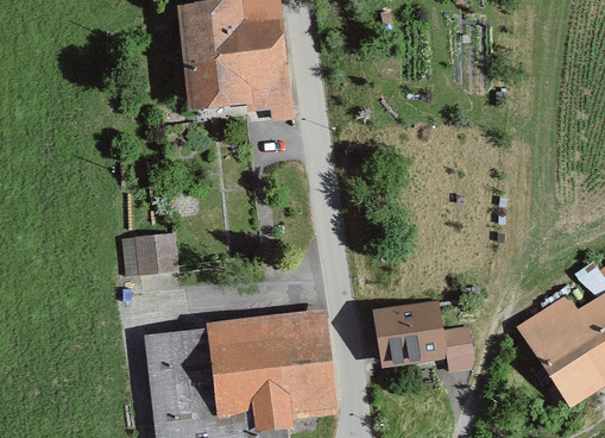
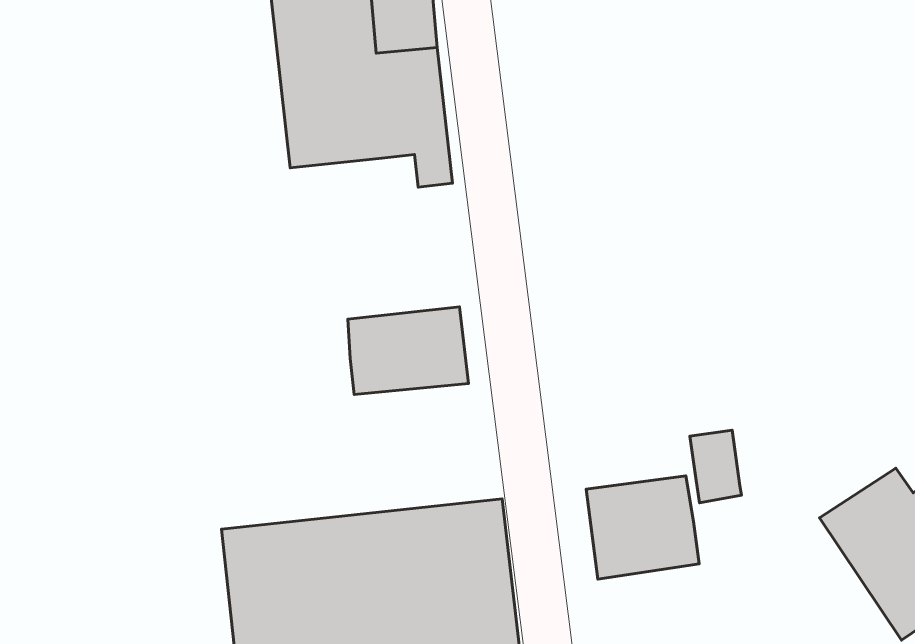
building: none -> [348,307,469,394]
building: [121,232,179,281] -> none
building: [442,327,474,373] -> [690,430,742,503]

